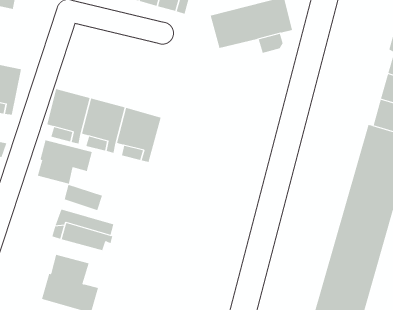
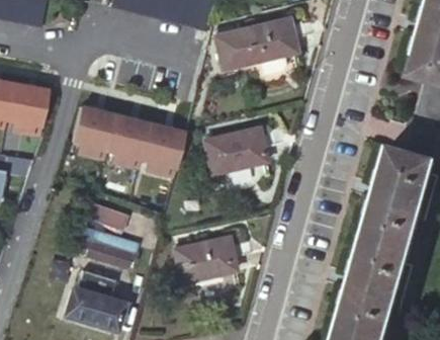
building: none -> [202,129,266,176]
building: [37,139,93,184] -> none
building: none -> [174,237,238,284]

